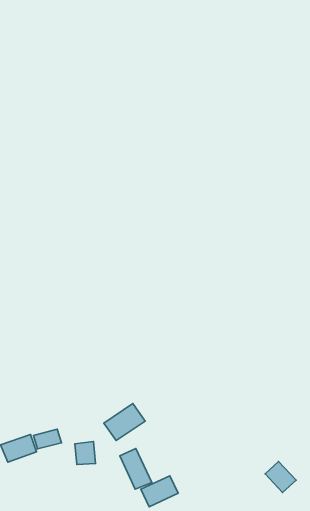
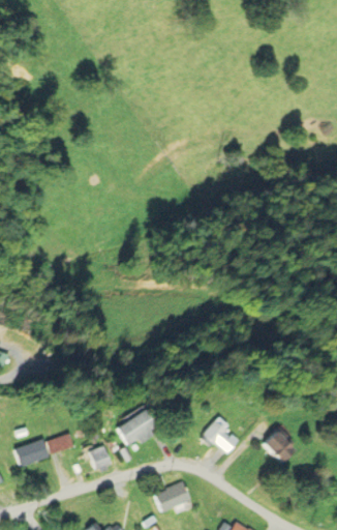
building: none -> [203,420,238,453]
building: [120,449,152,489] -> none
building: [265,462,296,493] -> [262,431,293,462]

